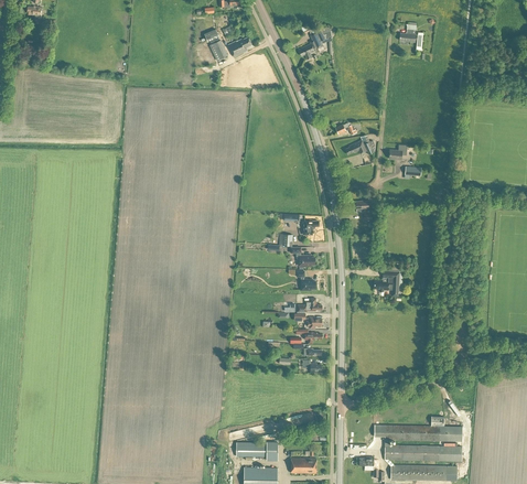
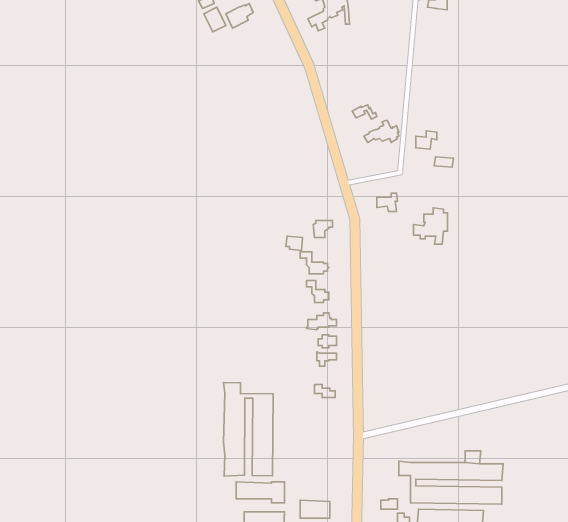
building: [373,266,401,297] -> [414,208,447,244]
building: none -> [223,383,273,476]

